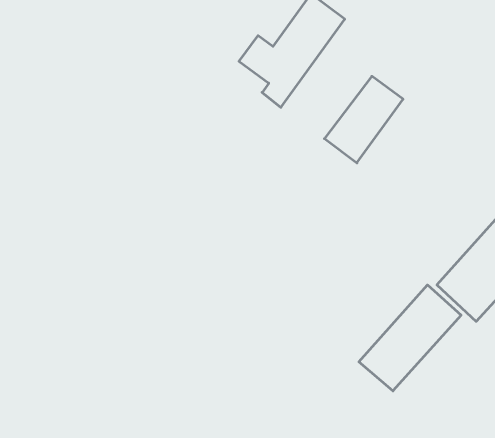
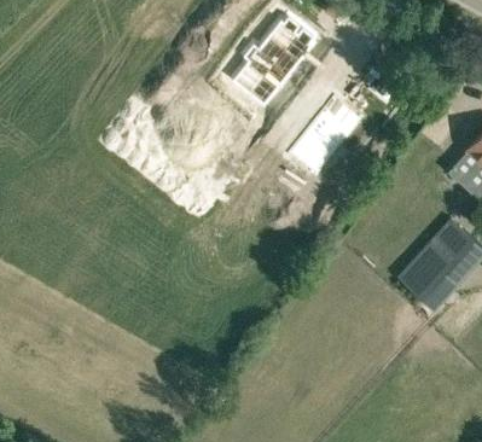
building: [359,285,461,391] -> none

